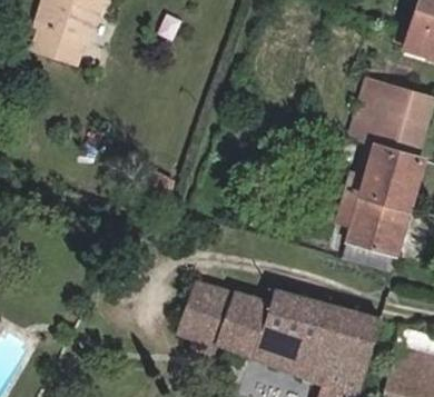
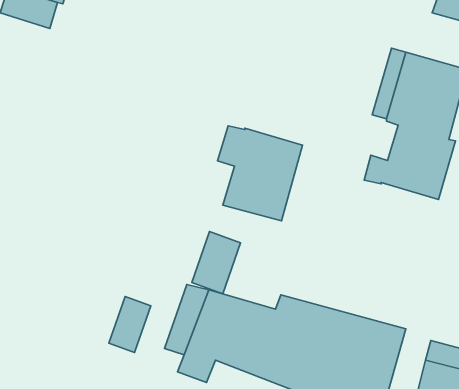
building: [337,191,410,272] -> [218,126,302,221]
building: none -> [192,232,240,294]
building: none -> [109,296,151,352]

